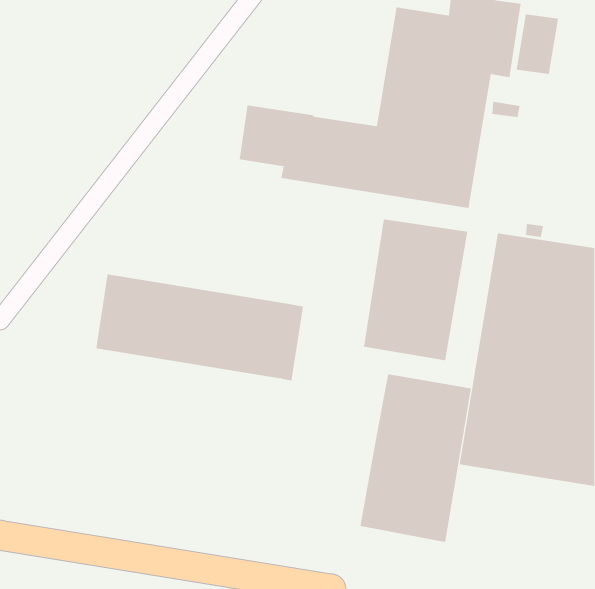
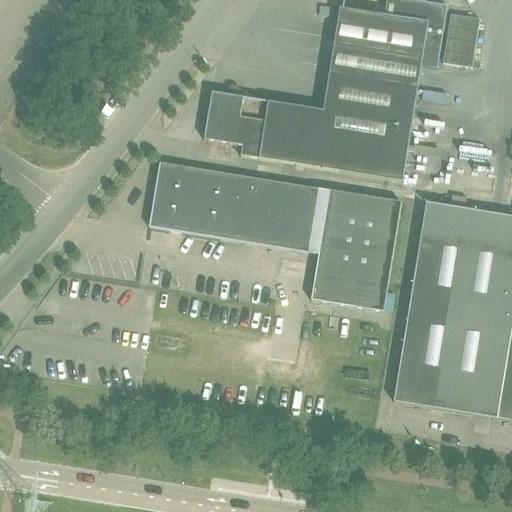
building: [95,274,304,381] -> [150,160,329,252]
building: [360,374,471,543] -> none

